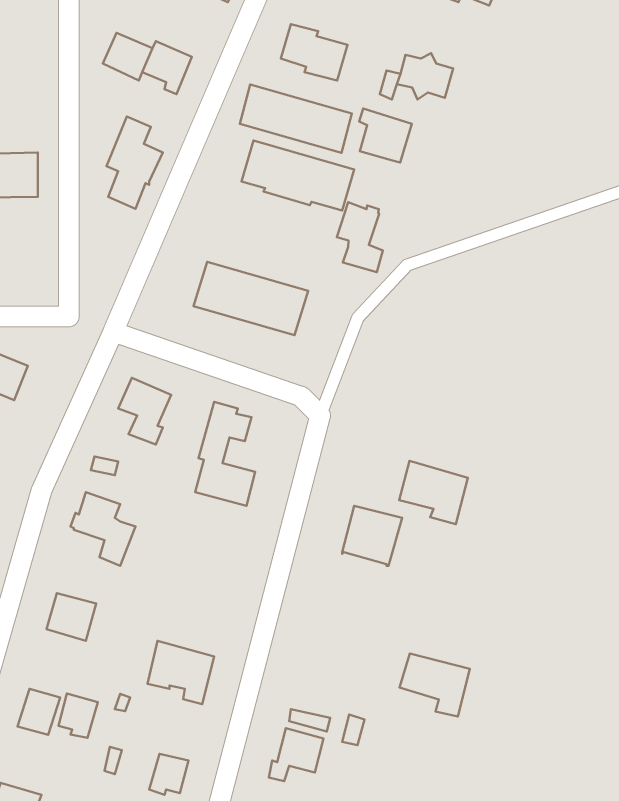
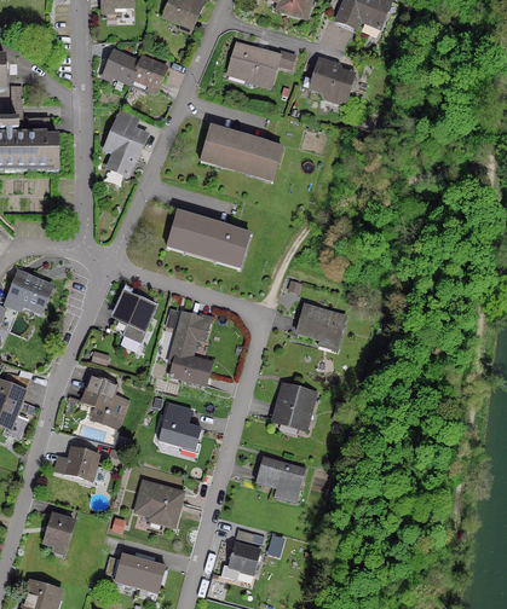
building: [240,84,352,153] -> none
building: [359,109,412,163] -> none
building: [337,202,383,272] -> none
building: [399,461,468,524] -> [296,304,345,349]
building: none -> [159,404,201,447]
building: [400,653,470,717] -> [255,457,305,501]
building: [58,694,98,738] -> [116,555,144,586]

